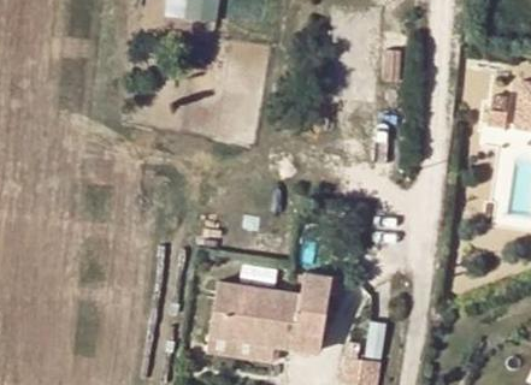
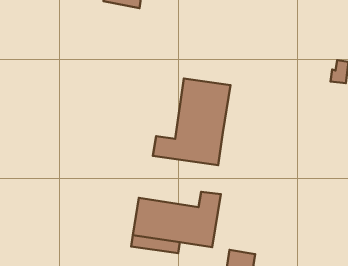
building: none -> [153,78,230,165]

